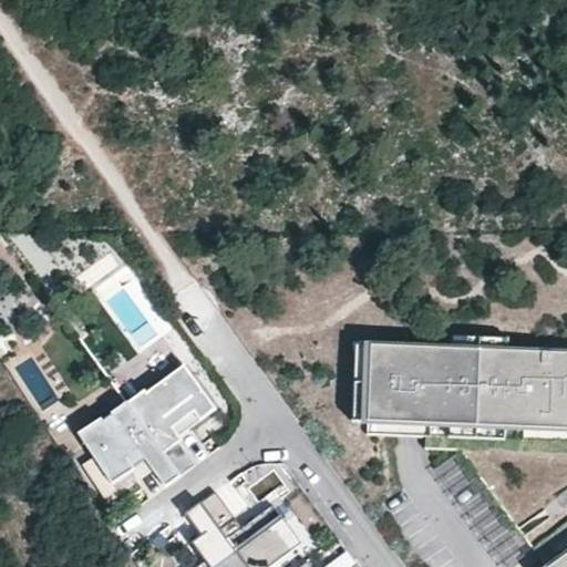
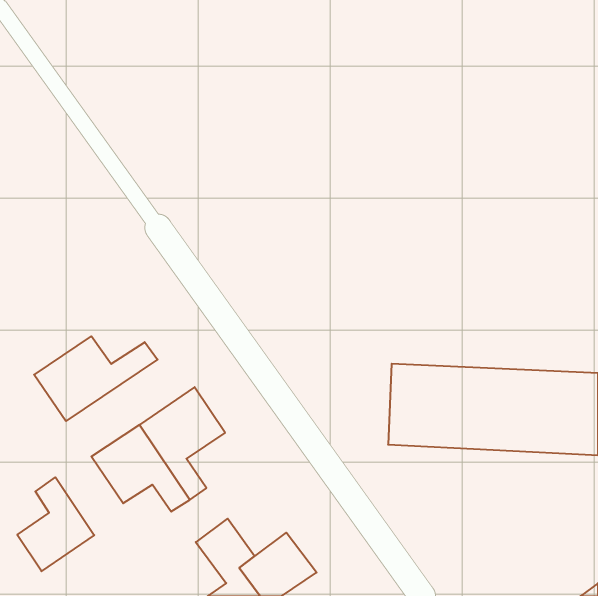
building: none -> [34,336,158,421]
building: none -> [17,477,94,571]

